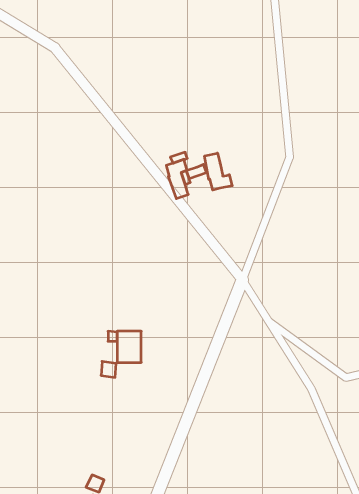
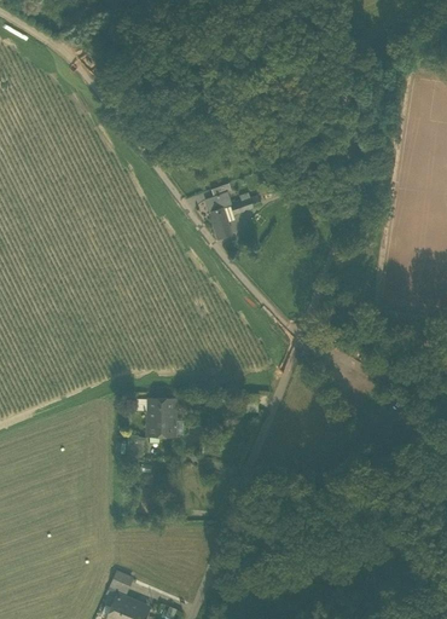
building: [205,153,232,190] -> none

